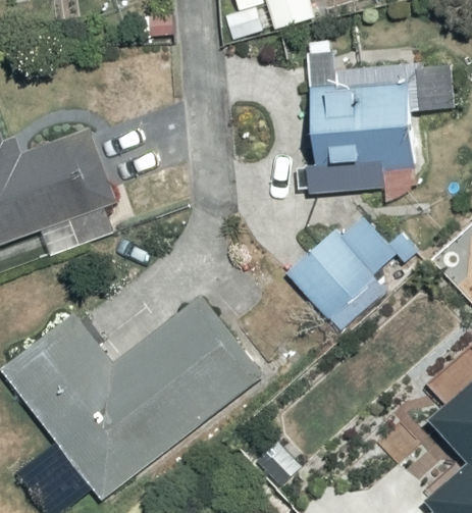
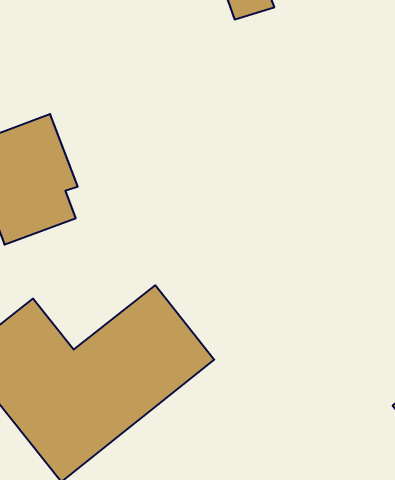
building: [298,52,426,193] -> none
building: [285,219,390,330] -> none

